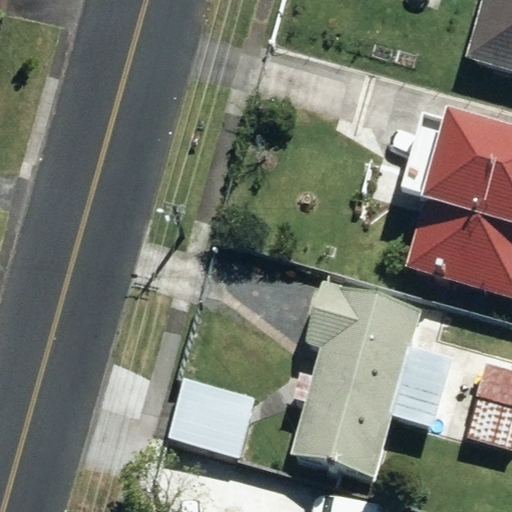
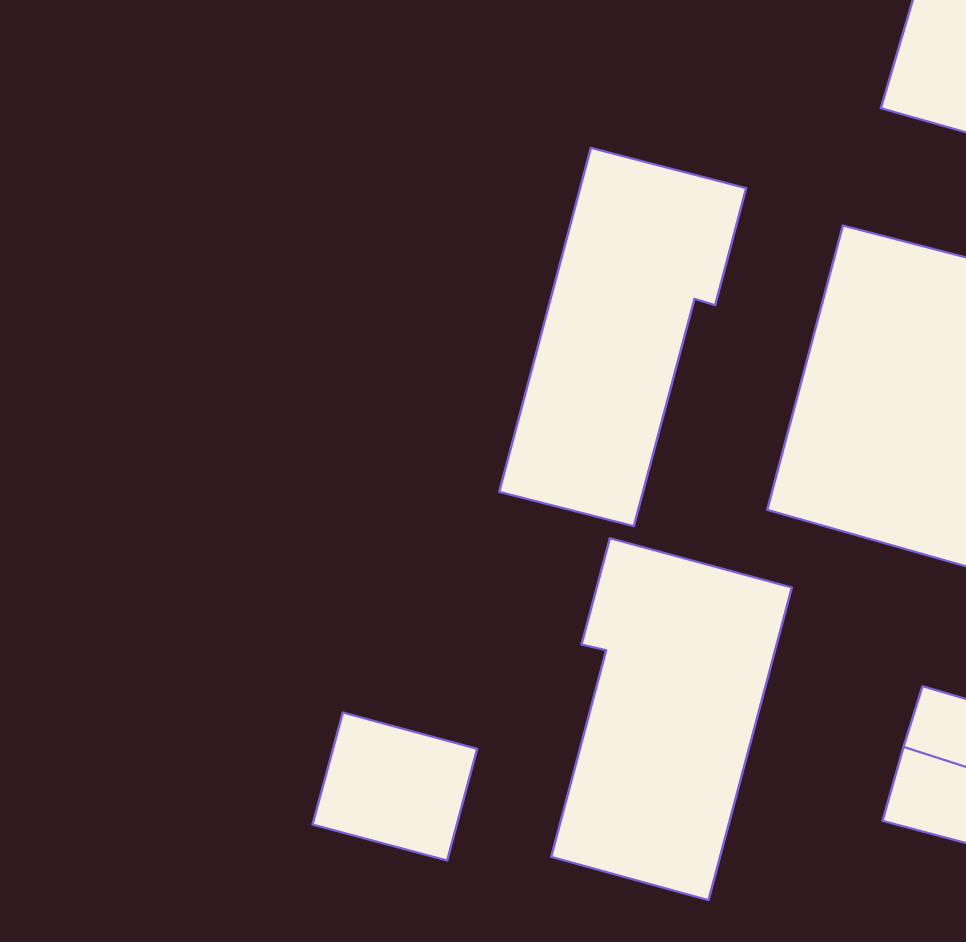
building: none -> [499,148,746,526]

